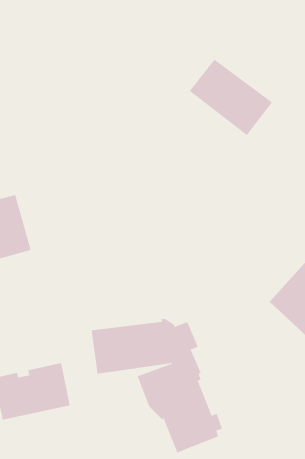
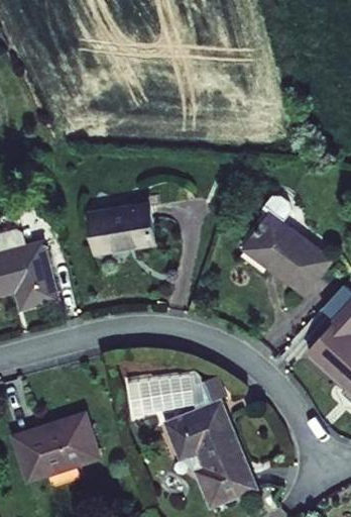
building: [189,59,273,136] -> [242,215,329,295]
building: none -> [89,205,155,250]

